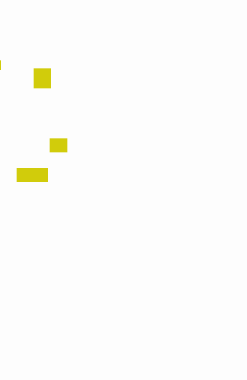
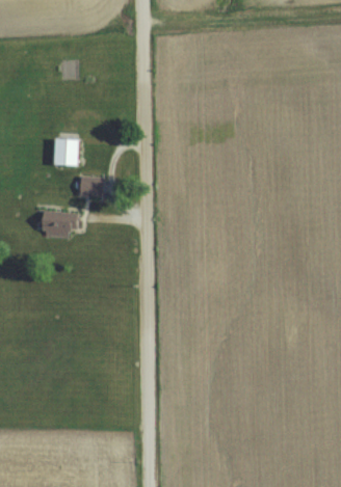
building: [33,67,52,89] -> [55,139,78,165]

